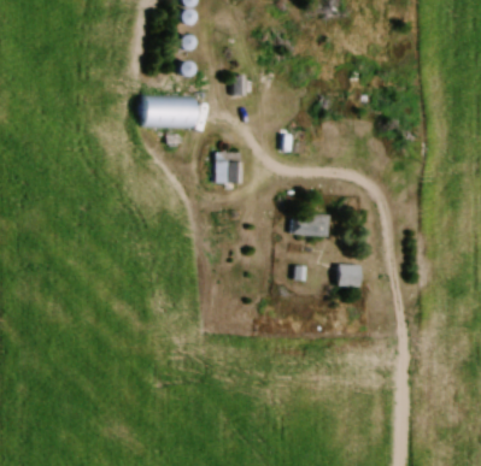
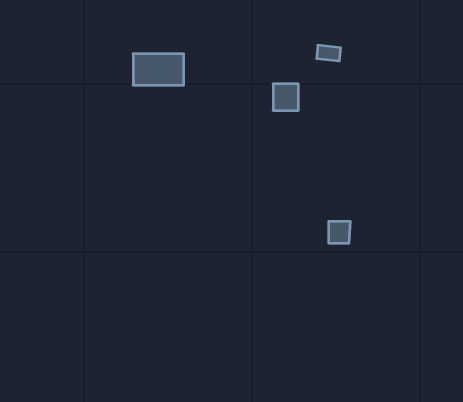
building: [215,151,239,182] -> none
building: [291,210,330,237] -> none

